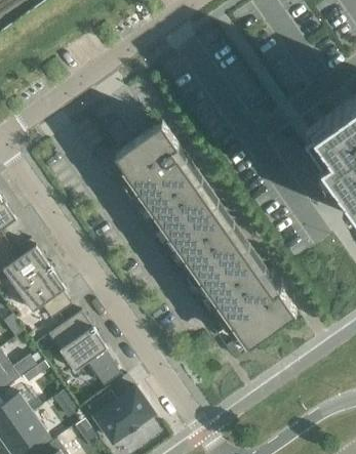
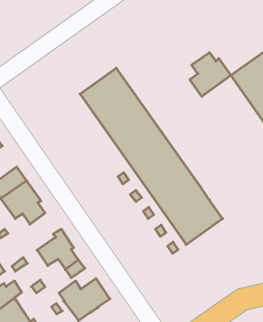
building: none -> [190,53,231,96]
building: [46,313,89,354] -> none

